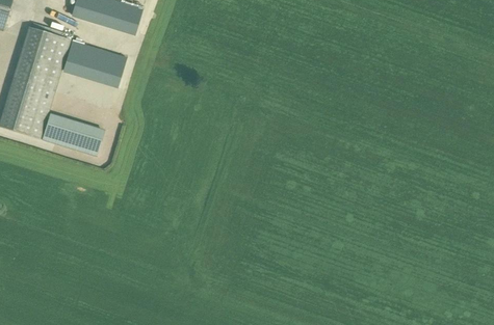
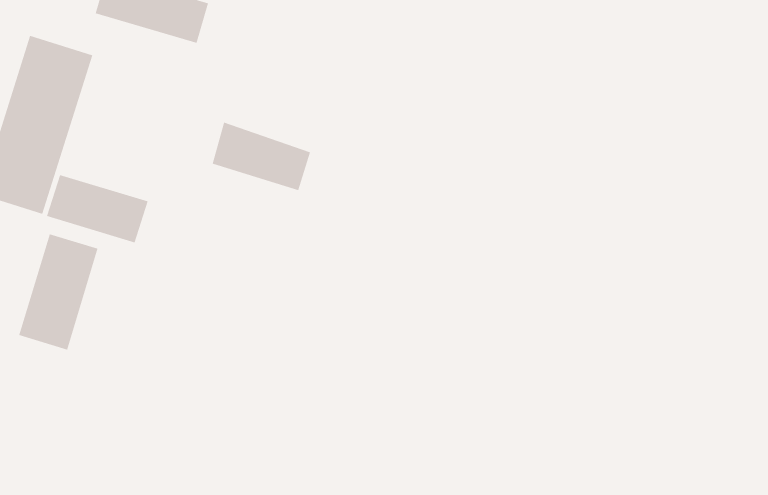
building: [62,43,124,85] -> [212,122,311,191]
building: none -> [19,233,98,350]

